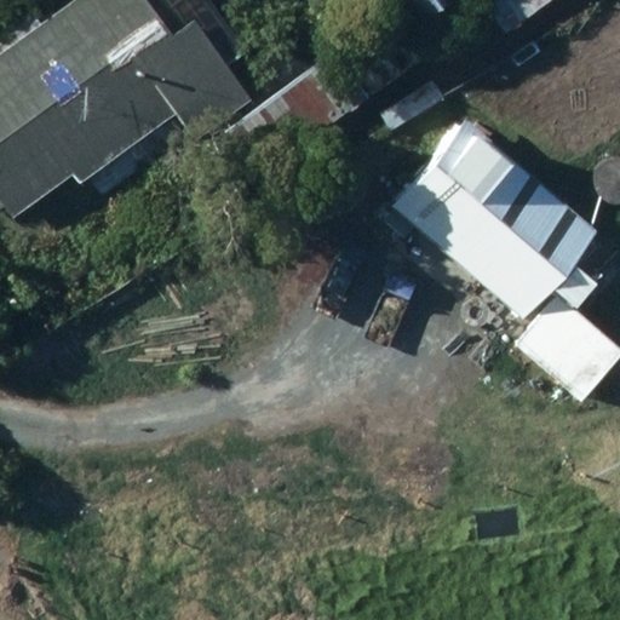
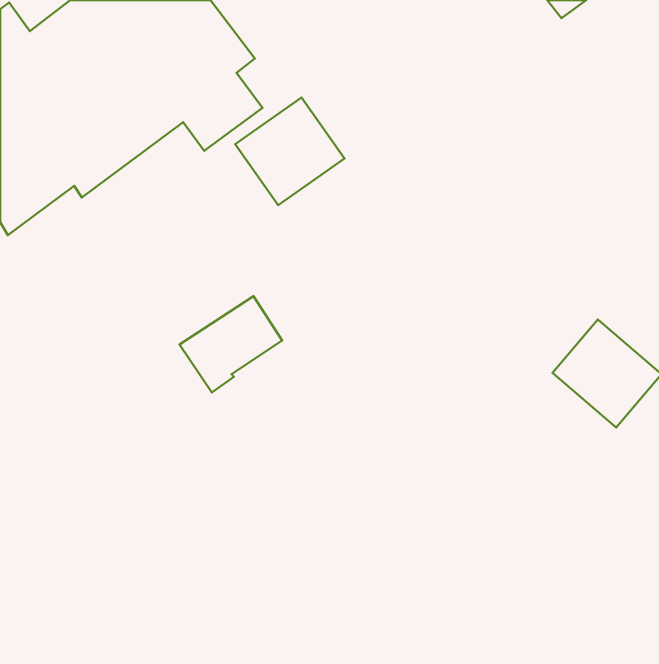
building: [386,116,597,318] -> none

